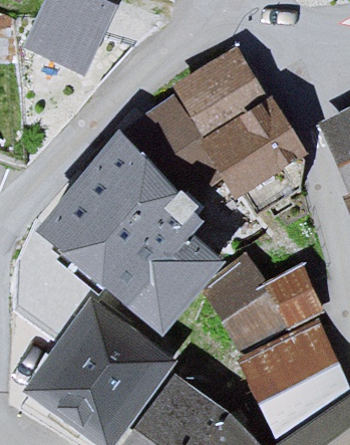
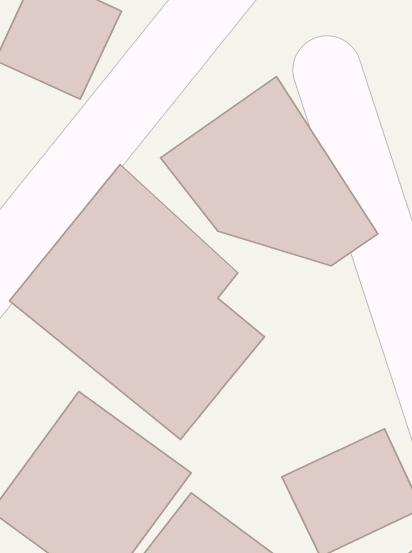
building: [199,257,322,345] -> none

